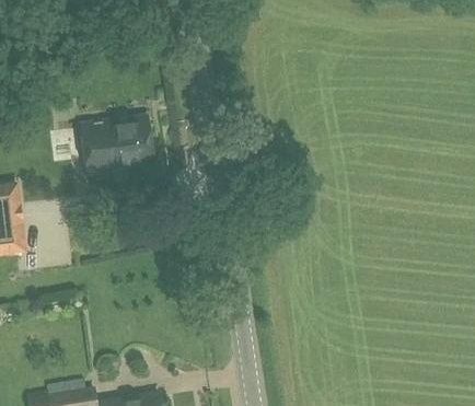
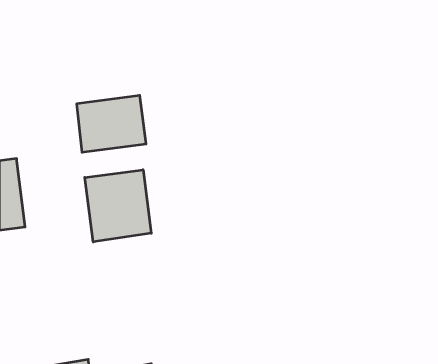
building: none -> [85,170,151,242]

